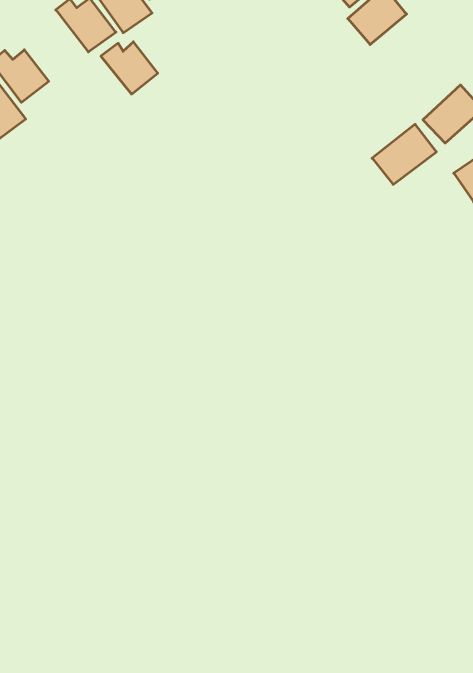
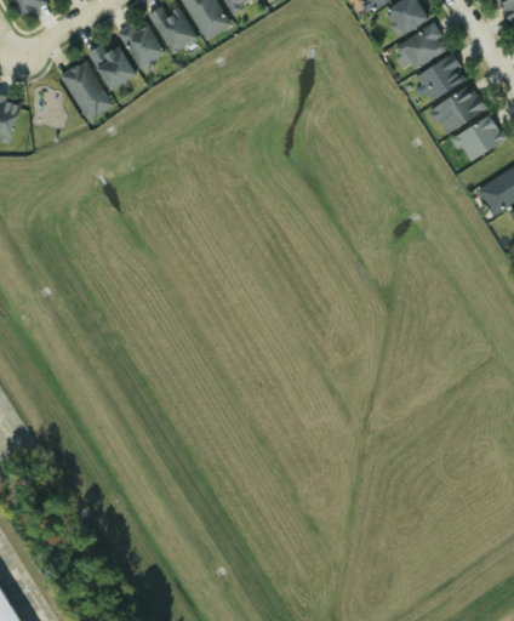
building: none -> [415,55,467,102]
building: [101,42,158,94] -> [116,24,164,69]
building: [372,124,436,184] -> [429,85,485,135]

